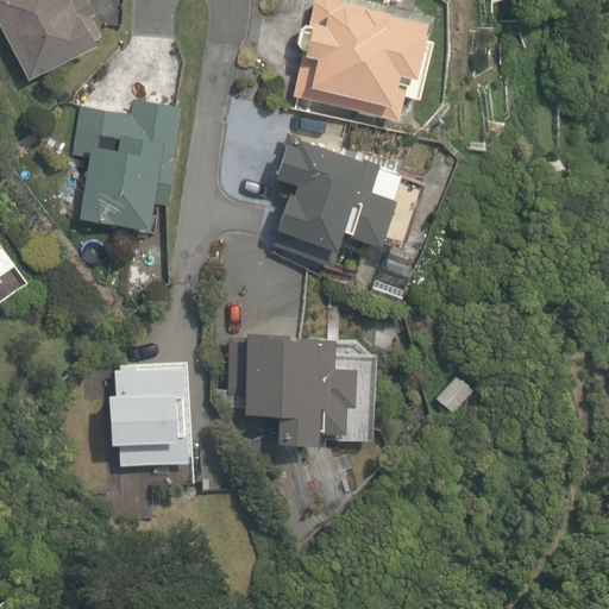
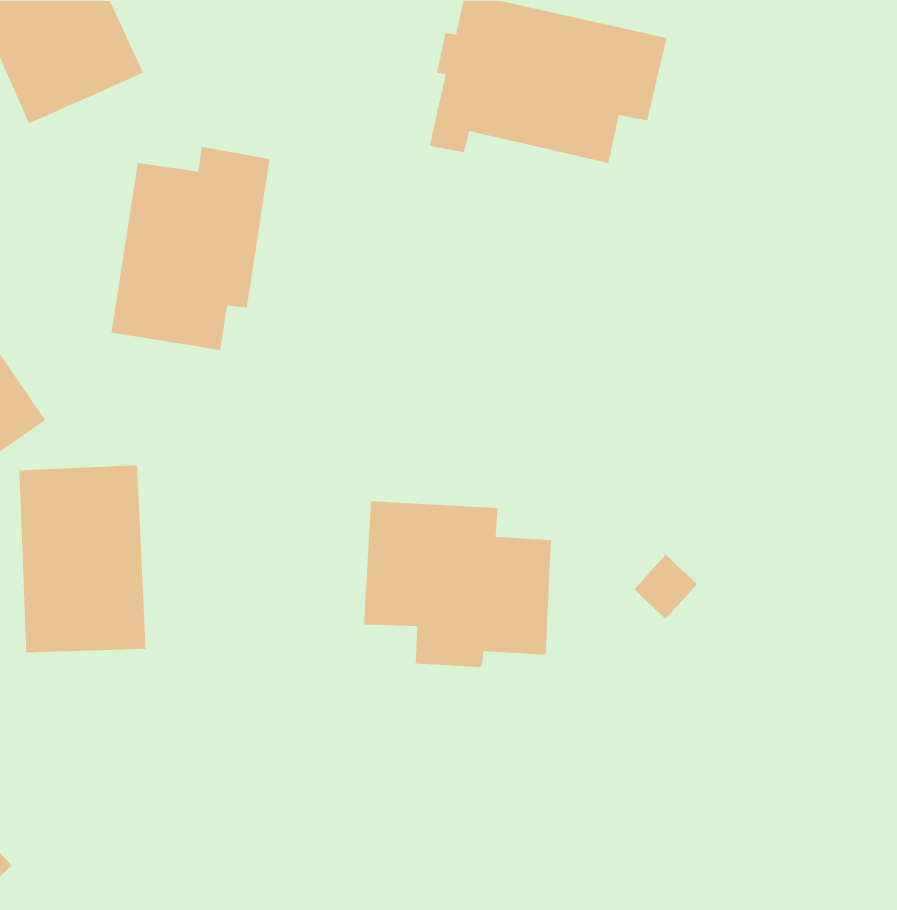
building: [272,134,423,259] -> none
building: [107,358,193,484] -> [19,464,147,653]

